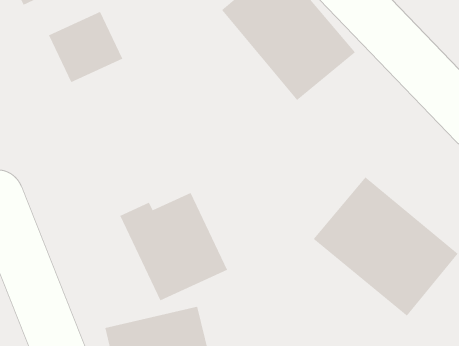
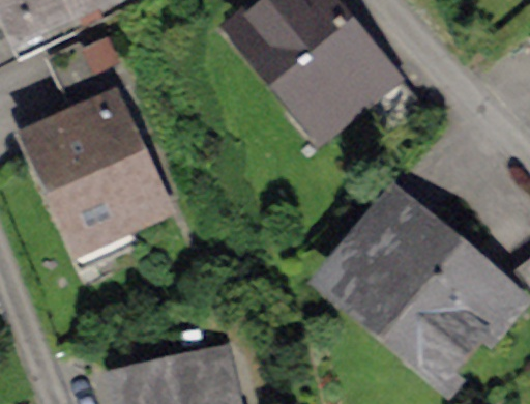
building: none -> [45,106,161,259]
building: [119,192,228,301] -> none

